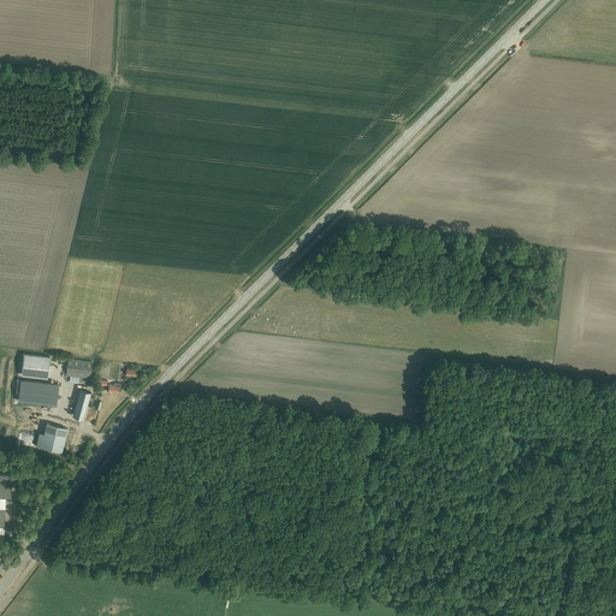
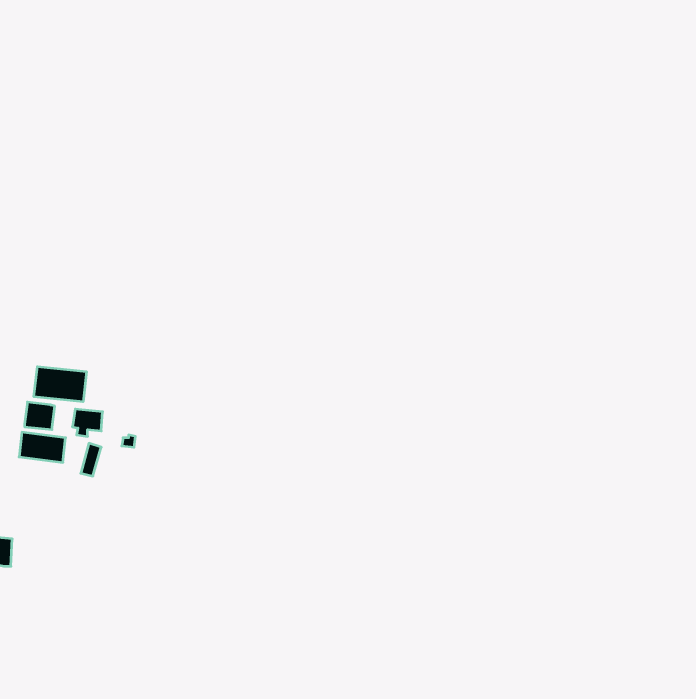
building: none -> [34,367,86,402]
building: [38,422,65,452] -> none

